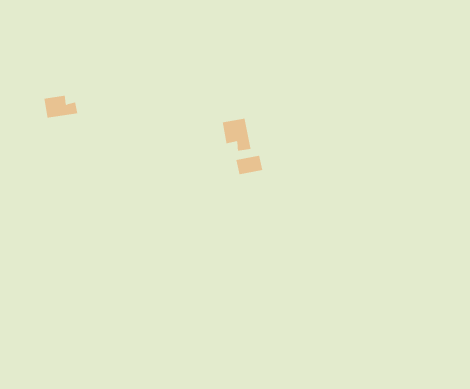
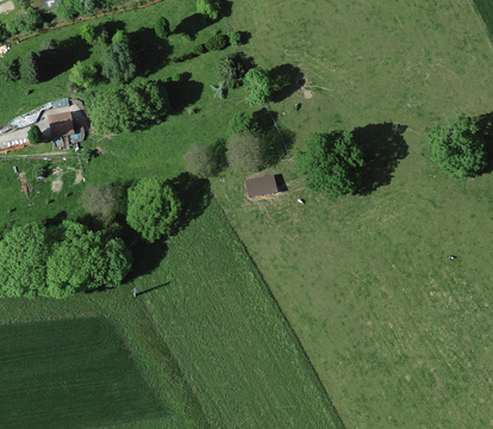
building: [222,118,251,152] -> none

